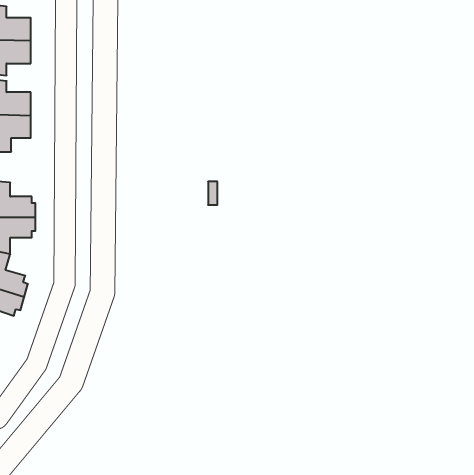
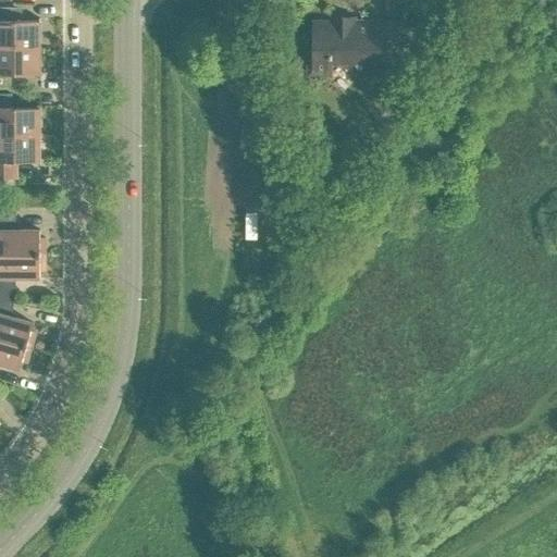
building: none -> [304,17,392,76]

